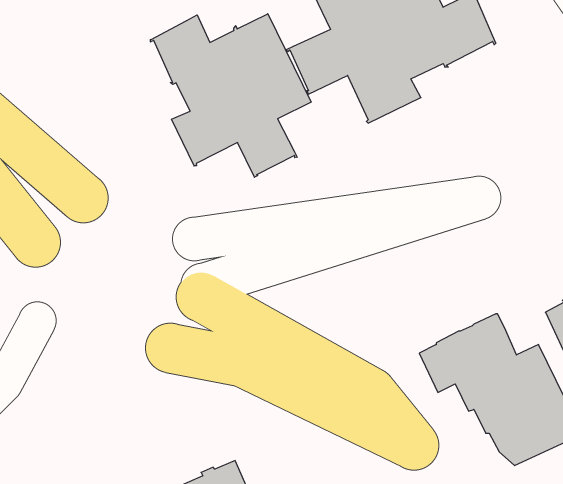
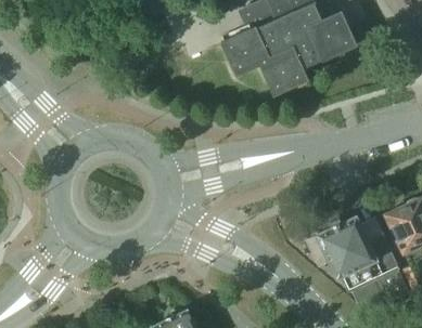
building: [150,14,311,177] -> none

